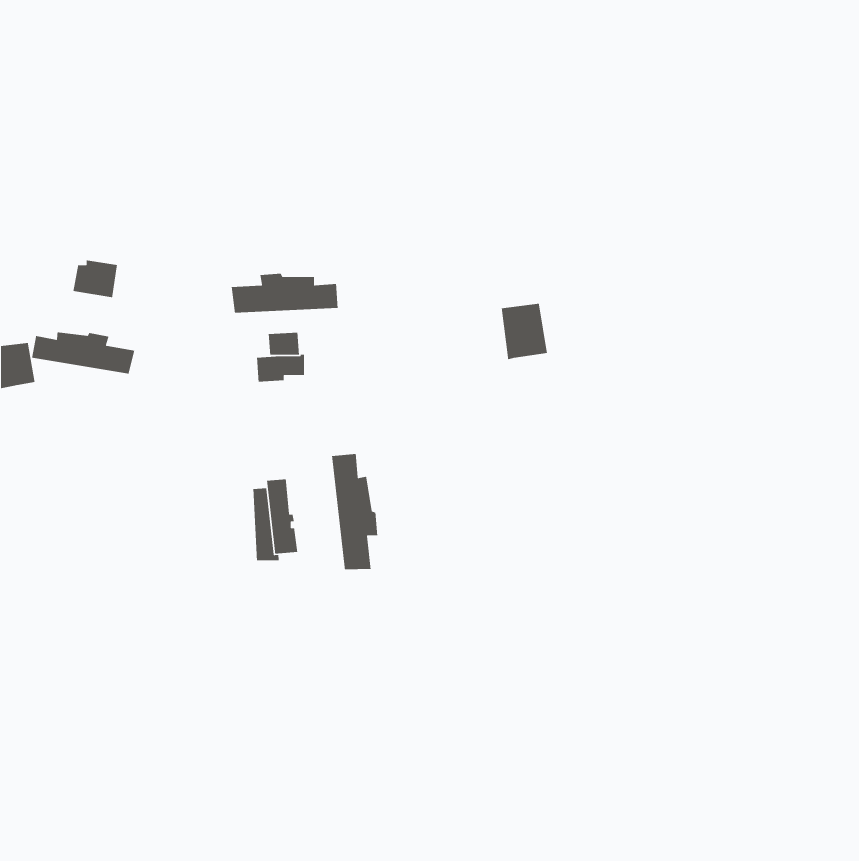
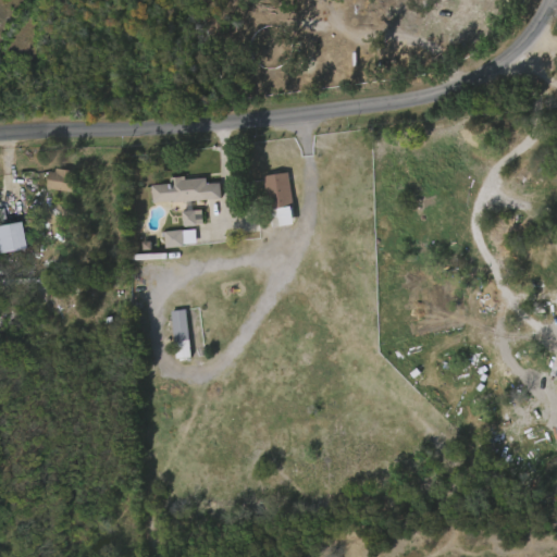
building: [501,303,548,360] -> [264,172,295,209]
building: [31,331,135,374] -> none
building: [331,453,378,570] -> none

